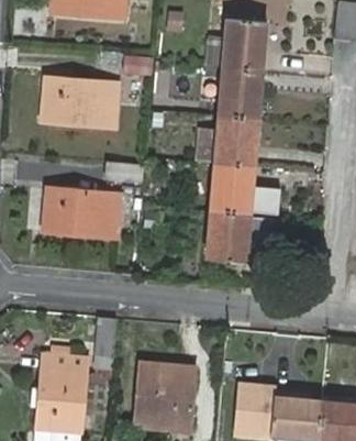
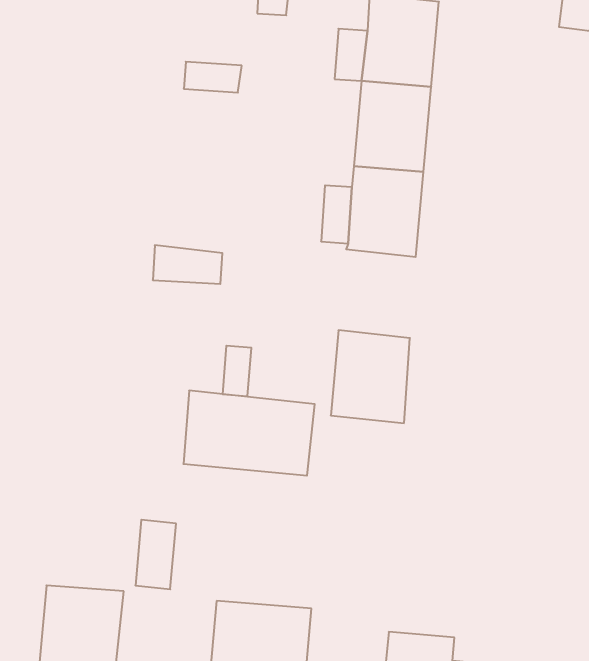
building: [43,78,119,126] -> none
building: [210,163,254,213] -> none
building: [45,189,120,238] -> [183,391,315,476]

